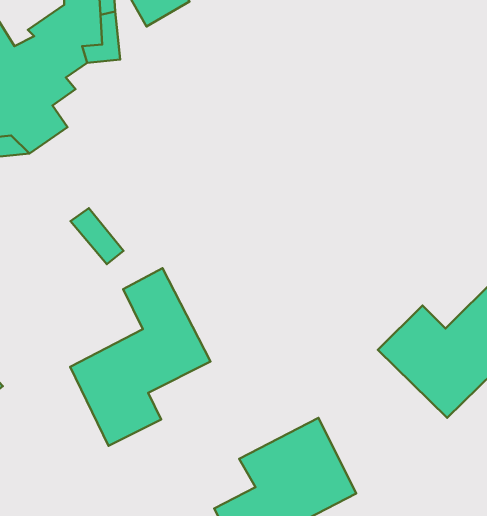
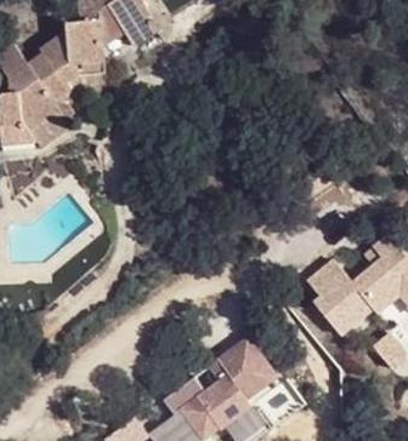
building: [70,268,211,446] -> none

